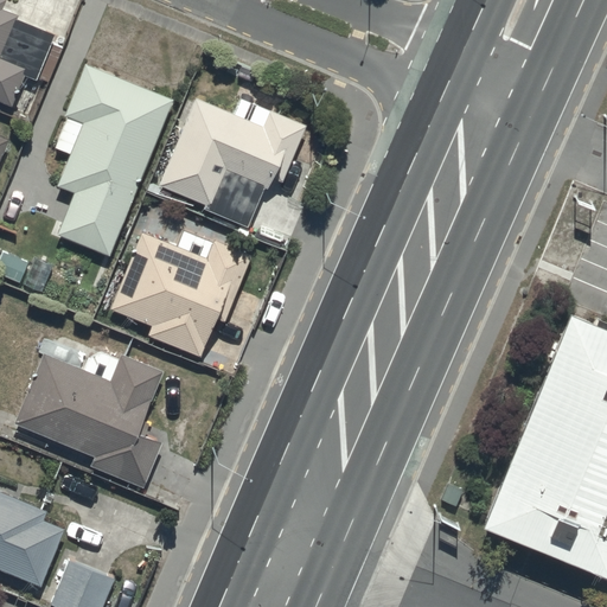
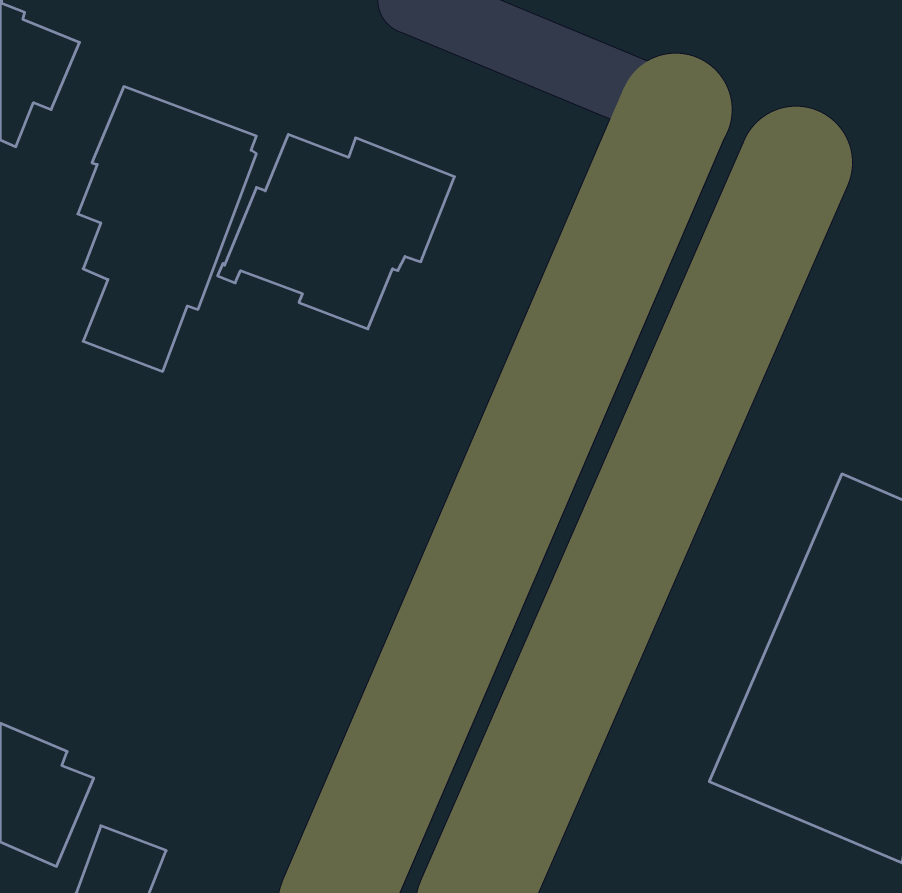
building: [109,228,251,356] -> none
building: [14,353,162,488] -> none

